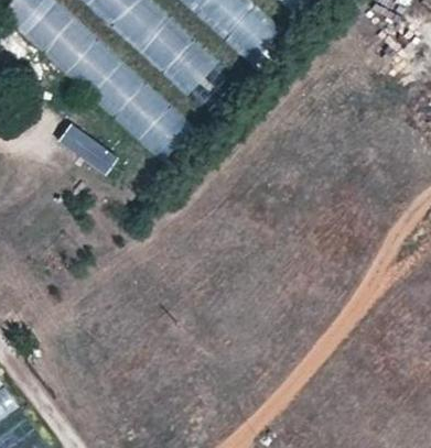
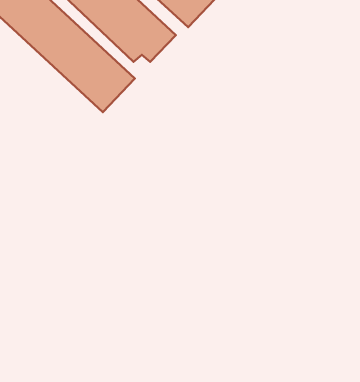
building: [57,119,117,173] -> none

